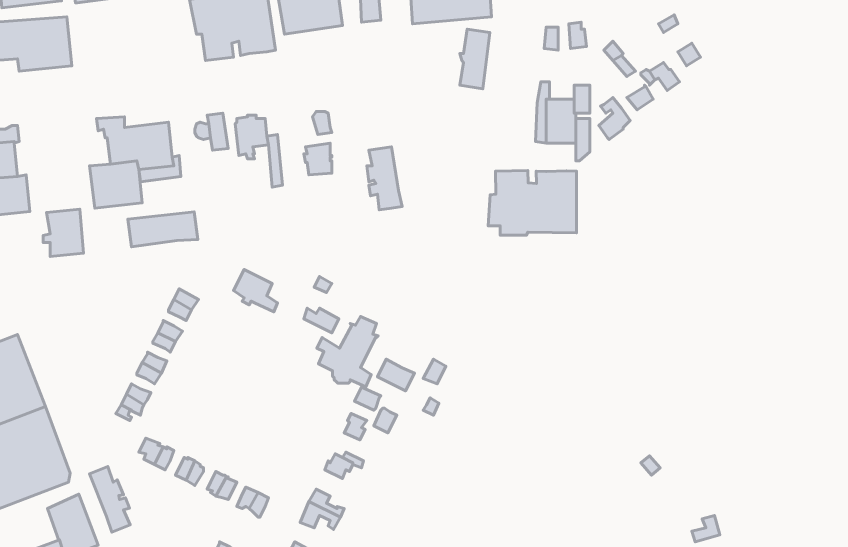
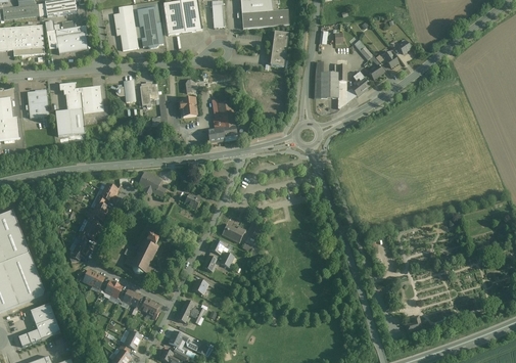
building: none -> [54,26,87,54]
building: [488,170,577,235] -> none
building: [43,209,83,257] -> [25,90,48,118]
building: [128,212,198,247] -> none
building: [317,317,378,387] -> [123,235,158,276]
building: [90,466,130,532] -> none

